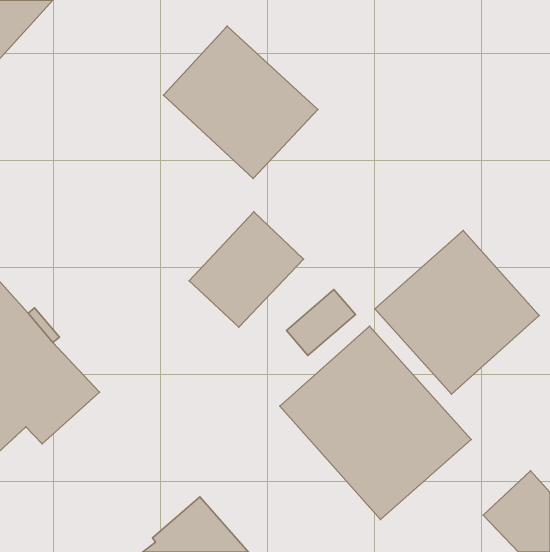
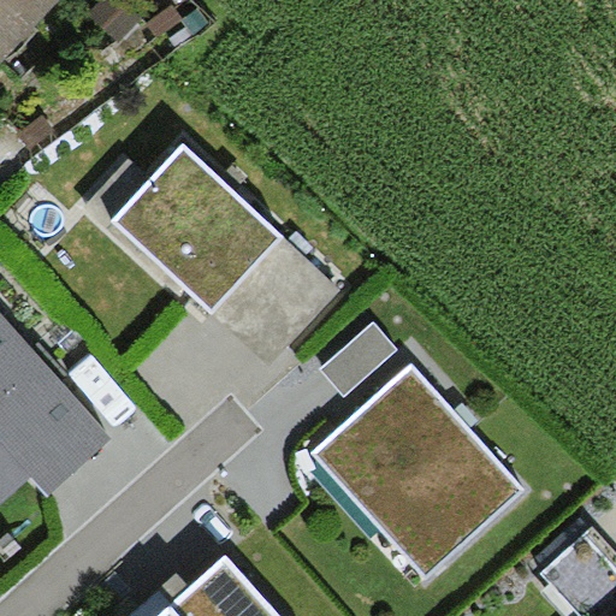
building: [163,26,318,179] -> [111,143,283,313]
building: [375,230,539,394] -> none

